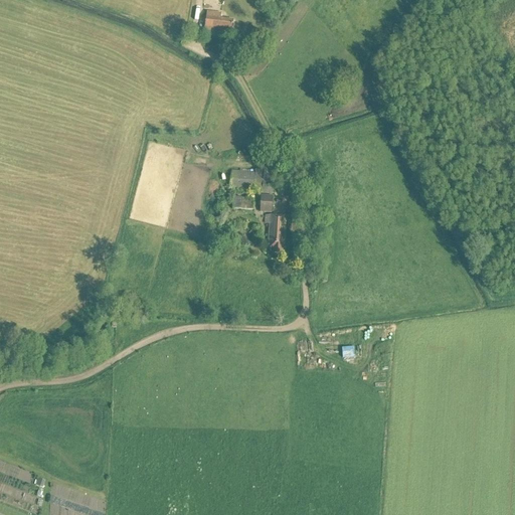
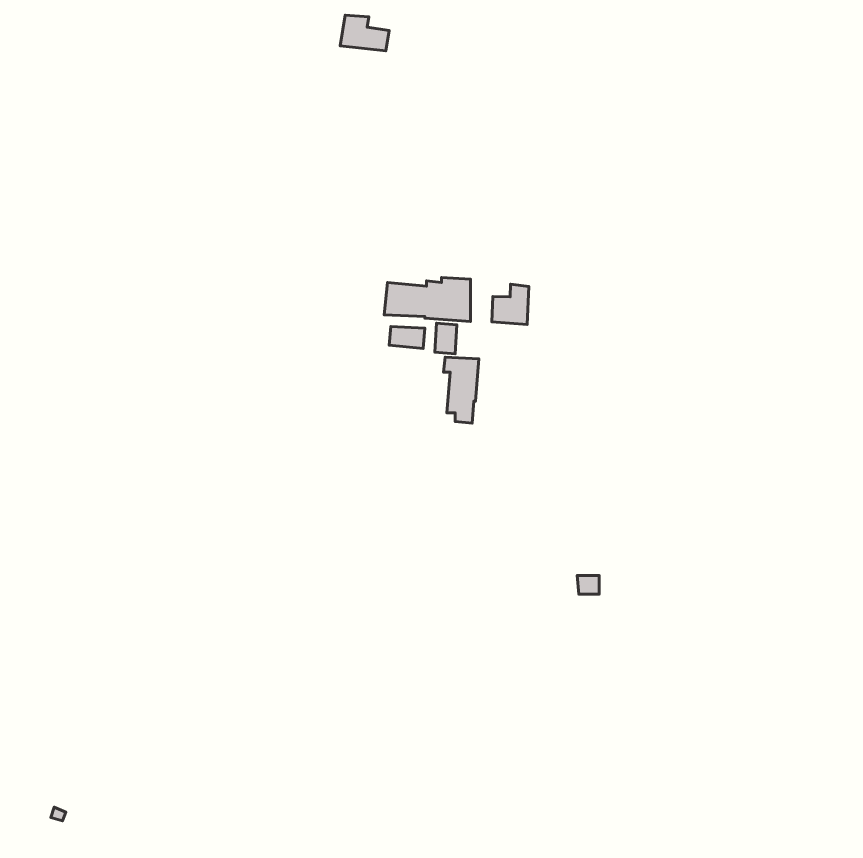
building: none -> [492,284,529,324]

